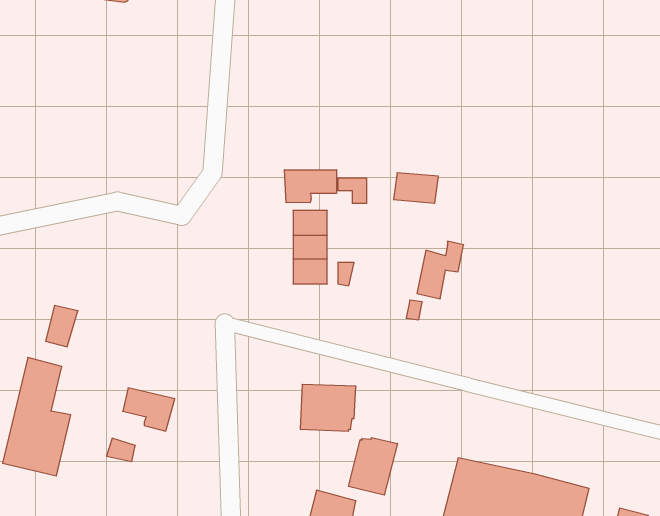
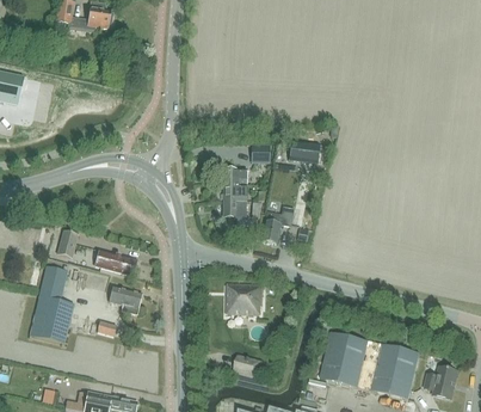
building: [285,170,336,203] -> none
building: [417,241,464,299] -> [261,205,292,244]
building: none -> [94,248,138,277]
building: [349,438,397,495] -> none

